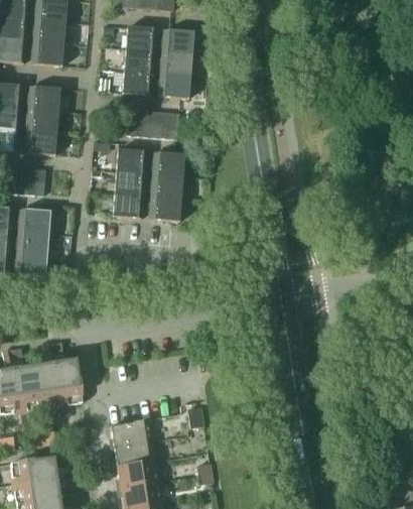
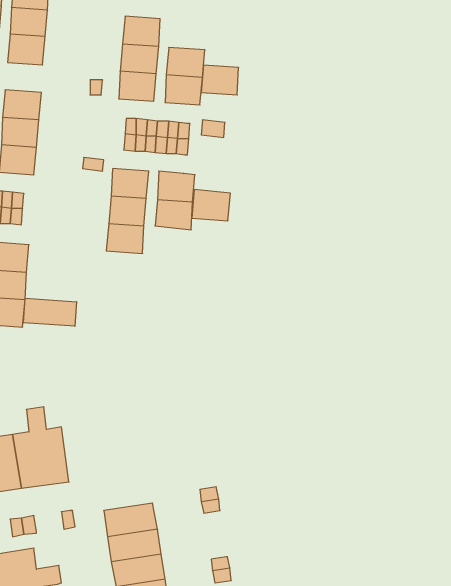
building: [163,29,193,53] -> [201,65,239,95]
building: [150,196,181,221] -> [192,190,230,221]
building: none -> [24,298,77,326]

